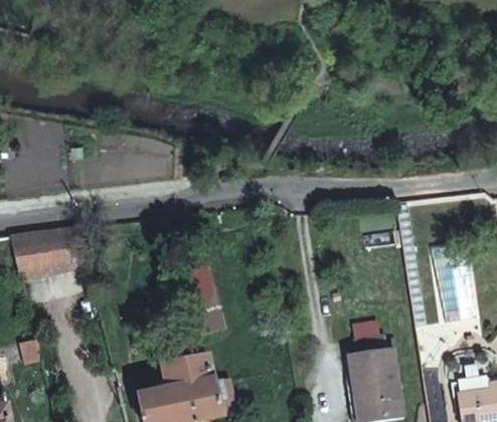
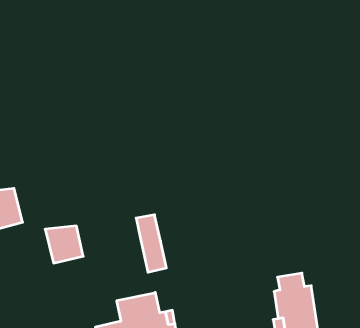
building: [40,227,86,271] -> [45,226,83,263]

